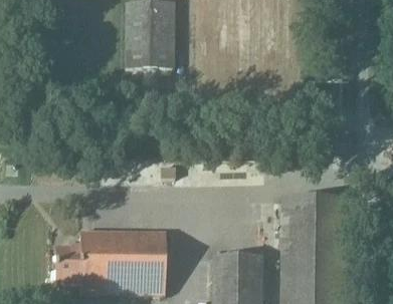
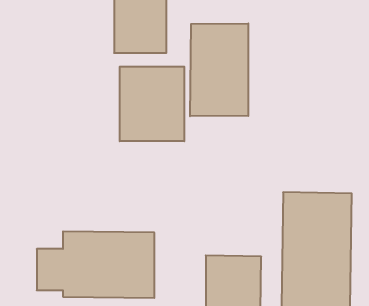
building: none -> [190,23,248,116]
building: none -> [120,67,184,141]

